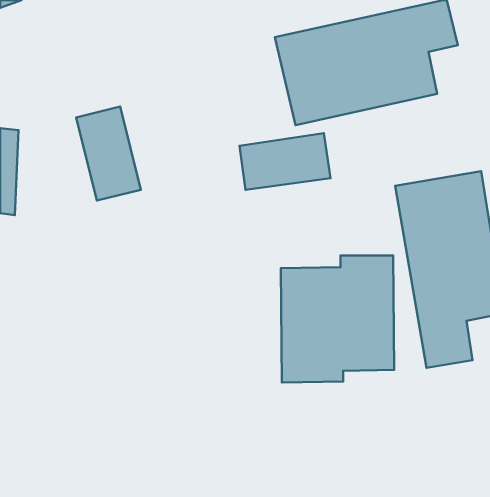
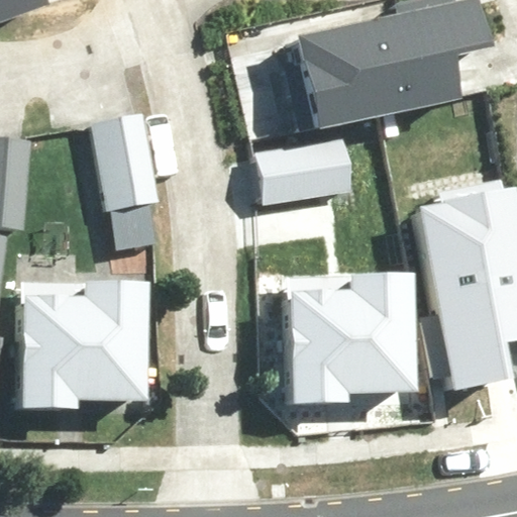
building: none -> [25,277,142,407]

